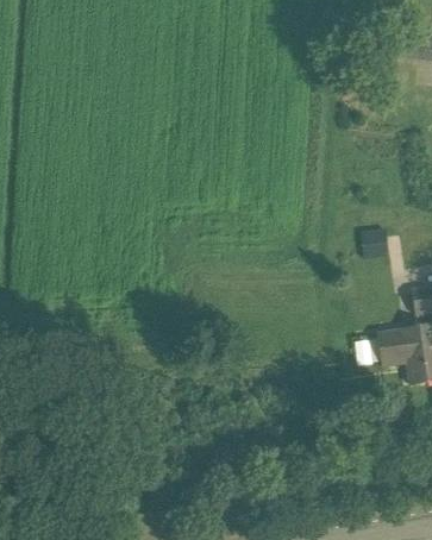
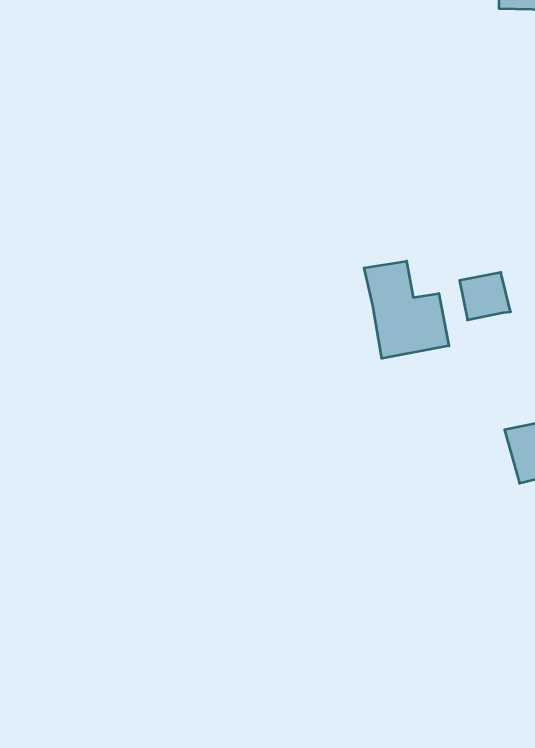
building: none -> [364,261,449,358]

